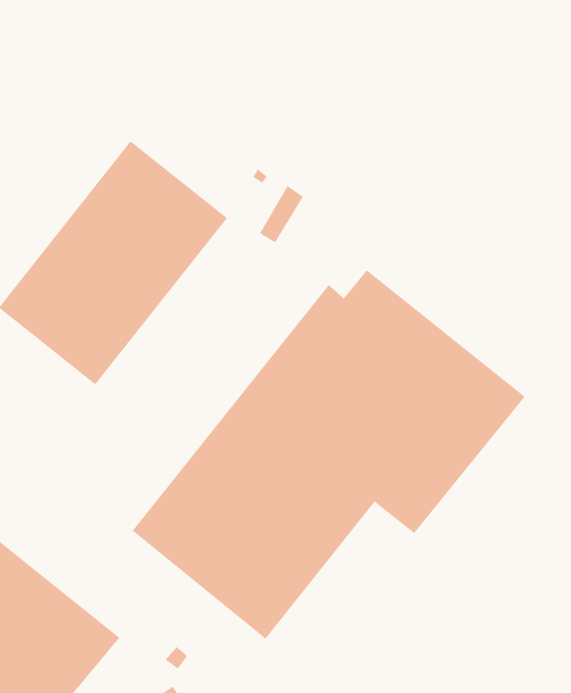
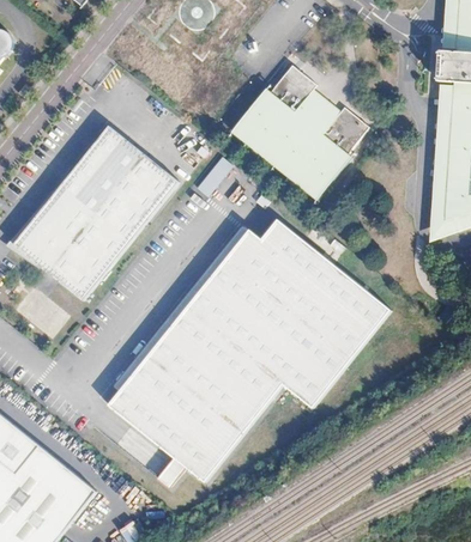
building: none -> [231,61,370,197]

